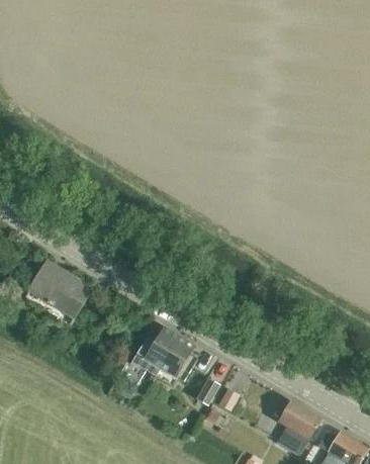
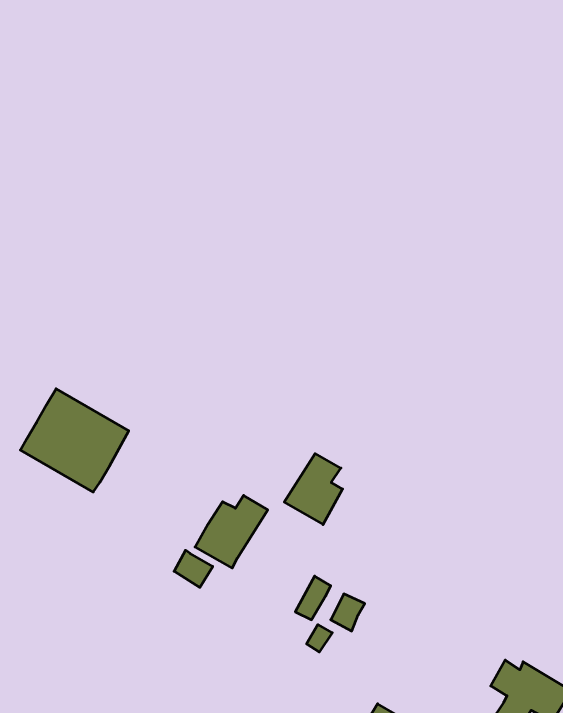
building: [160,335,196,379] -> [284,454,343,525]
building: [273,399,320,454] -> none

